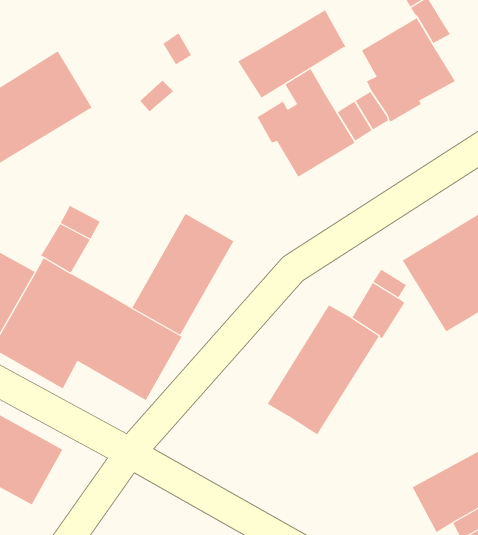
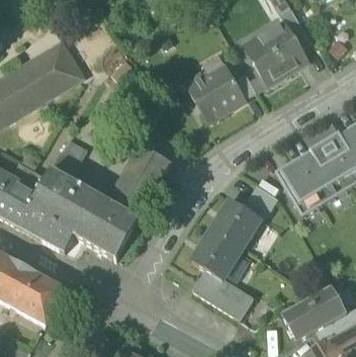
building: [238,9,346,99] -> none
building: none -> [192,269,254,320]

